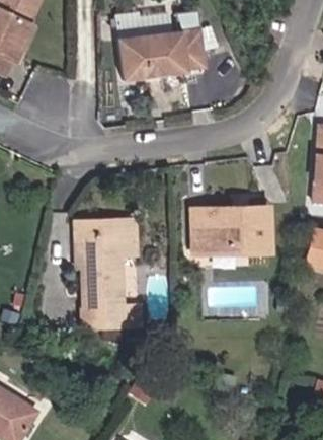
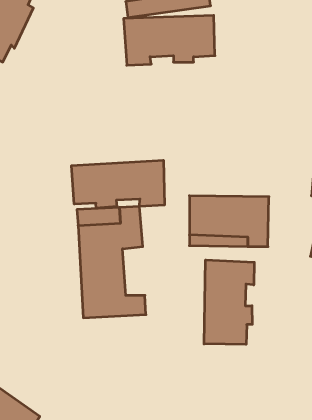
building: none -> [72,160,164,208]
building: none -> [204,260,254,344]

